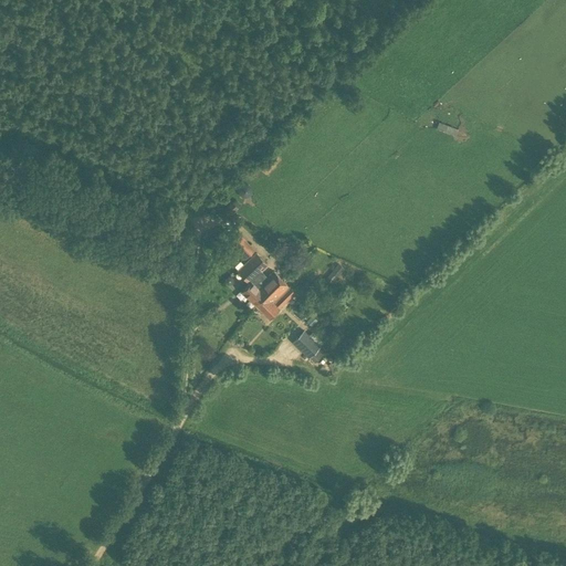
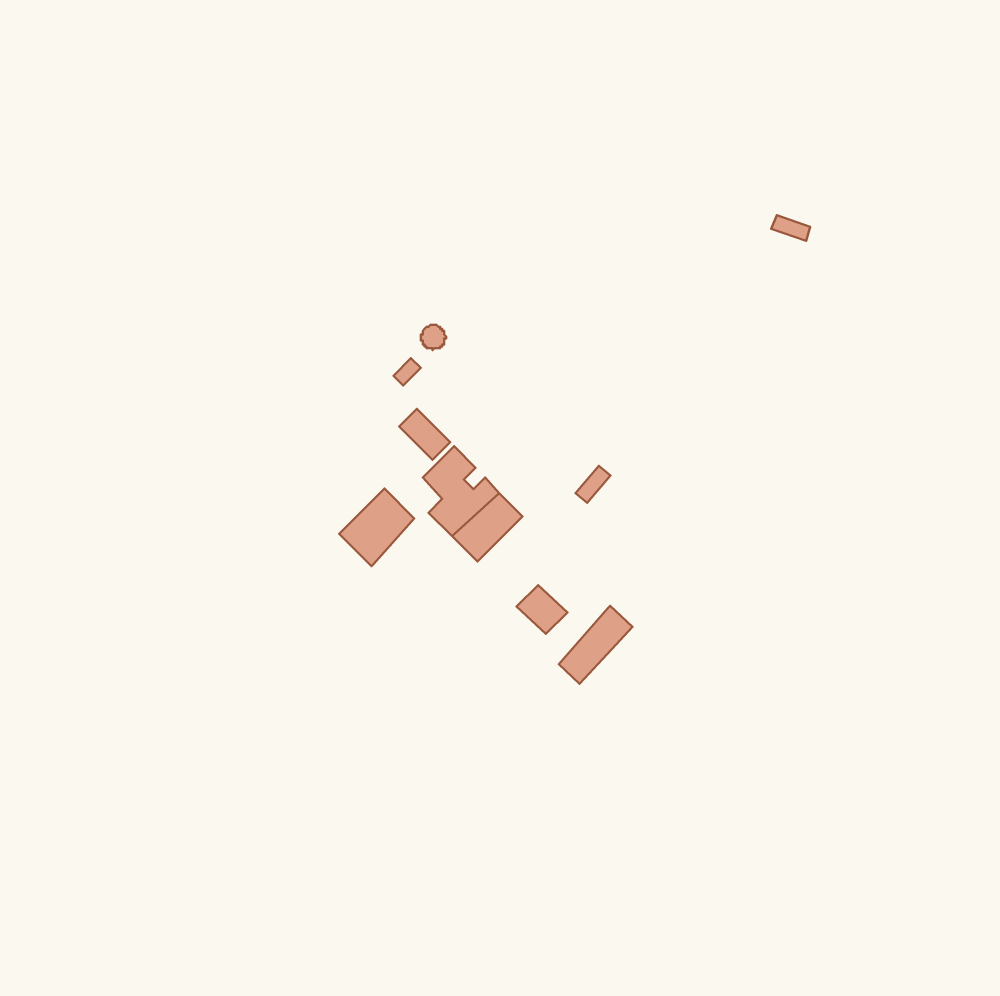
building: none -> [339,489,414,566]
building: none -> [559,606,633,684]

